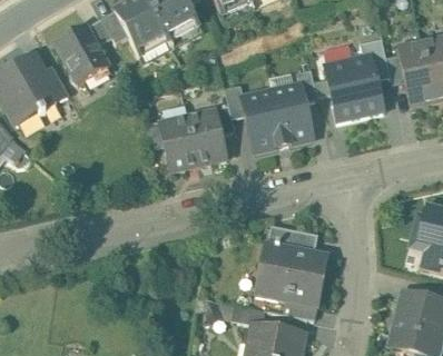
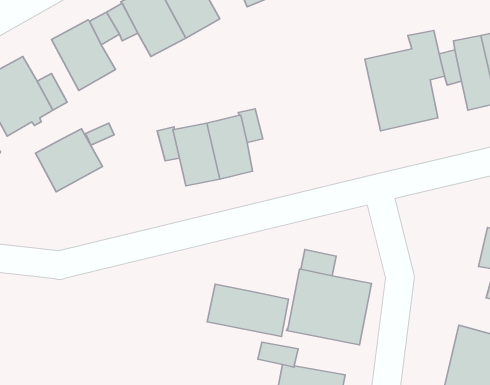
building: [242,80,313,149] -> none
building: none -> [35,129,103,192]
building: none -> [207,284,288,336]

